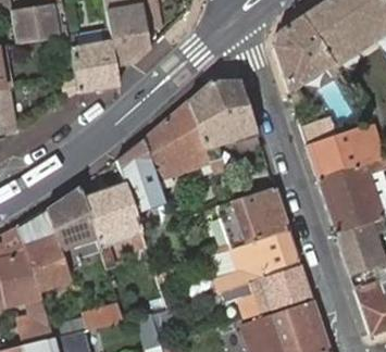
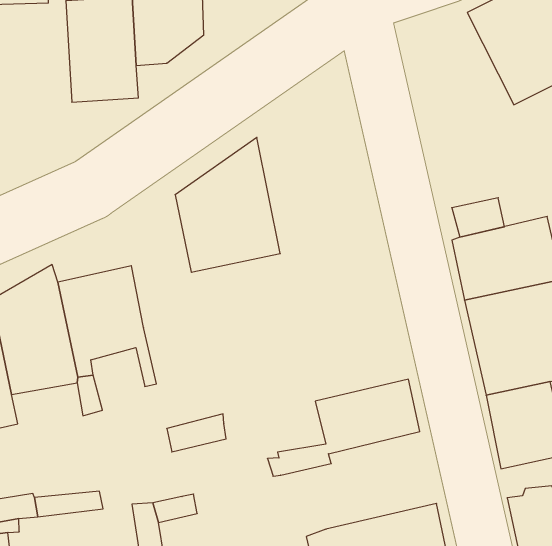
building: [274,15,338,103] -> none
building: [188,79,259,165] -> none
building: [116,138,172,222] -> none
building: [217,188,290,250] -> none
building: [223,265,313,315] -> none

